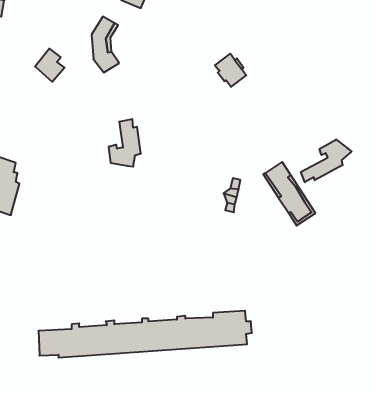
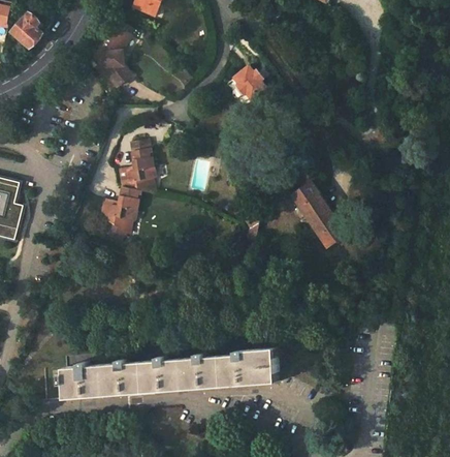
building: [35,49,65,82] -> [11,16,43,52]
building: [301,139,352,182] -> none
building: none -> [100,187,140,231]

